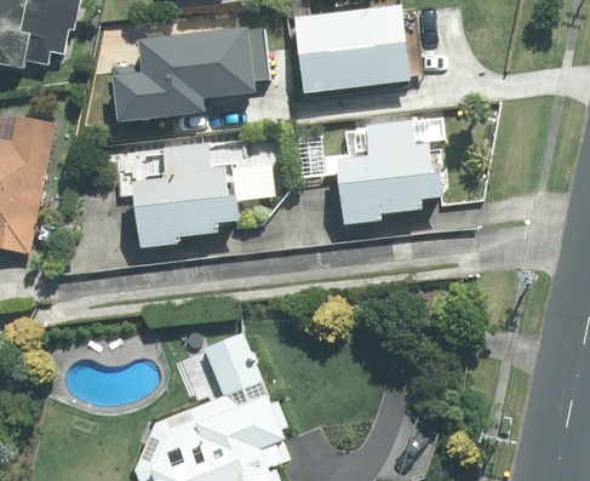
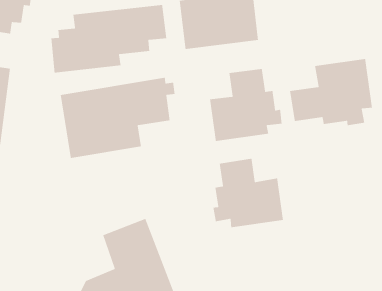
building: none -> [289,58,373,126]
building: none -> [212,158,284,228]

